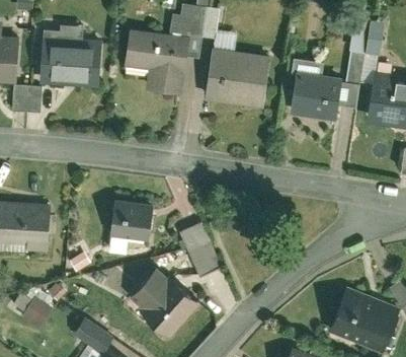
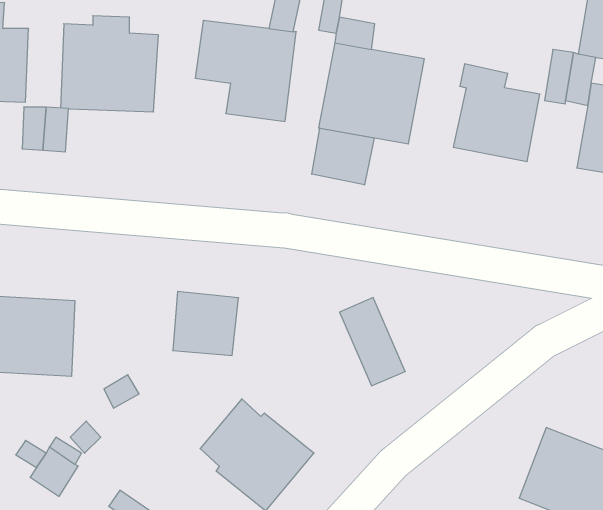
building: none -> [312,128,374,185]
building: [177,224,219,280] -> [340,298,405,386]

